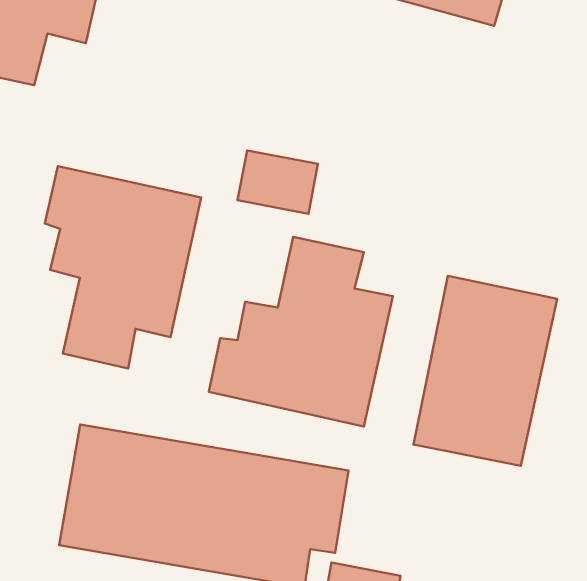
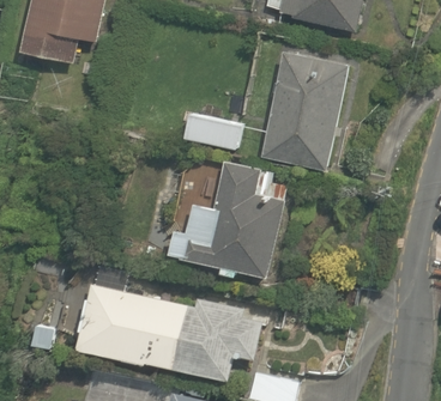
building: [45,166,201,368] -> none
building: [413,276,557,466] -> [261,53,351,171]

